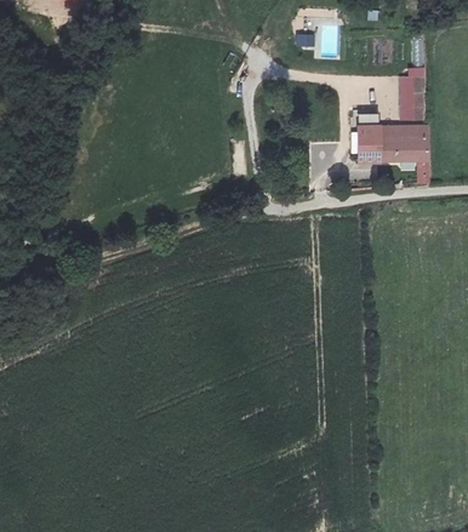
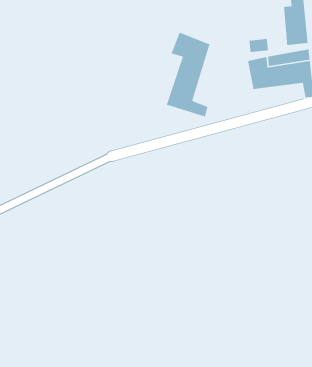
building: none -> [166,31,210,118]

